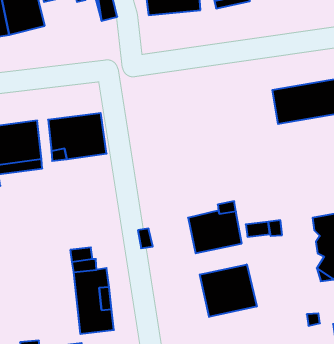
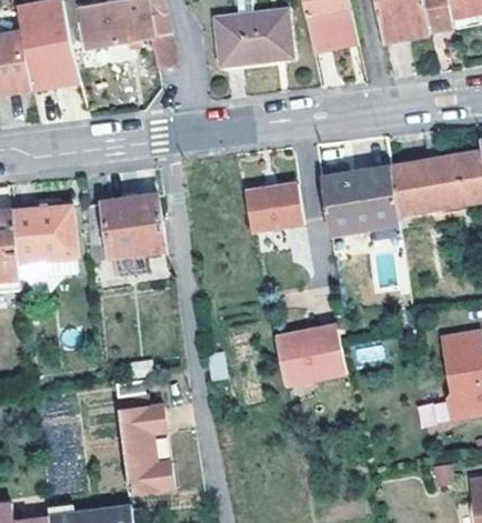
building: none -> [319,164,399,244]
building: none -> [244,180,303,230]
building: [200,264,257,317] -> none

